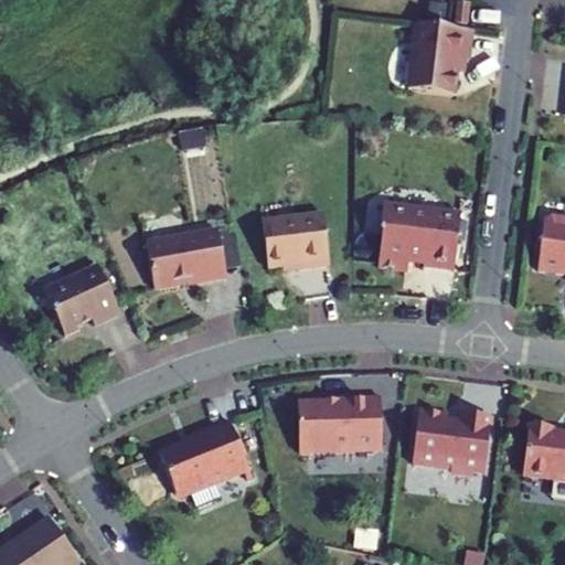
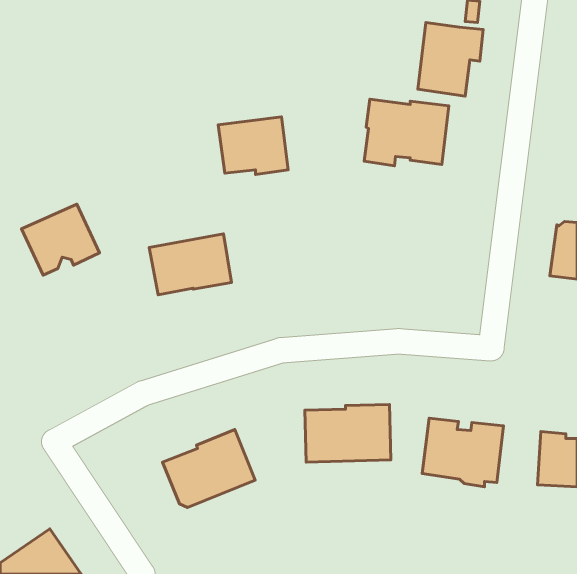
building: [379,204,461,269] -> [364,99,449,166]
building: [262,212,330,268] -> [218,117,288,174]
building: [44,265,120,334] -> [22,204,99,275]

